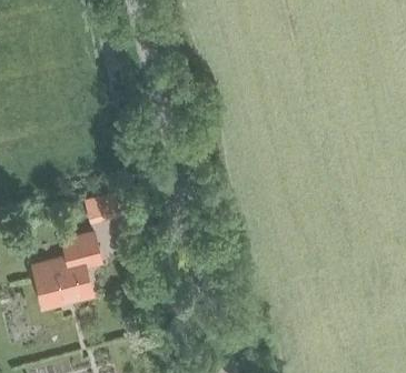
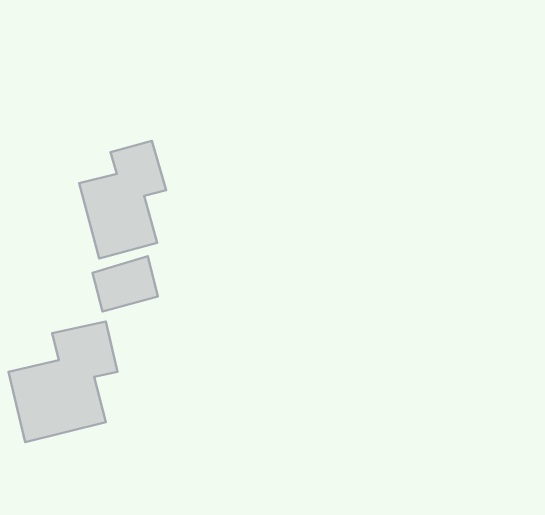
building: none -> [79,141,166,258]

